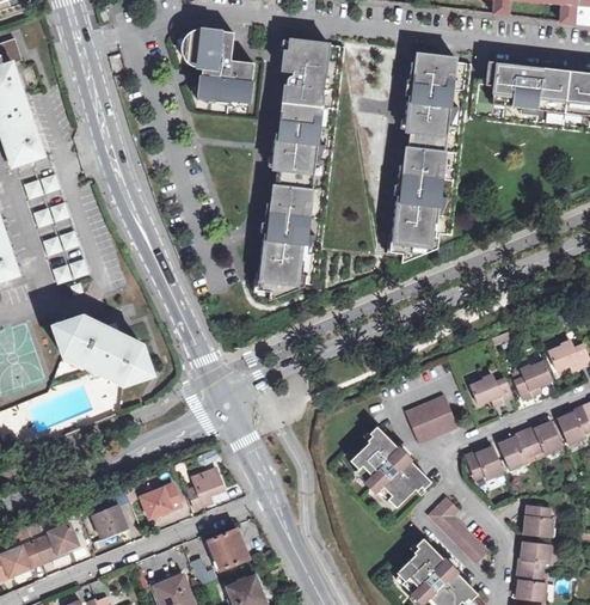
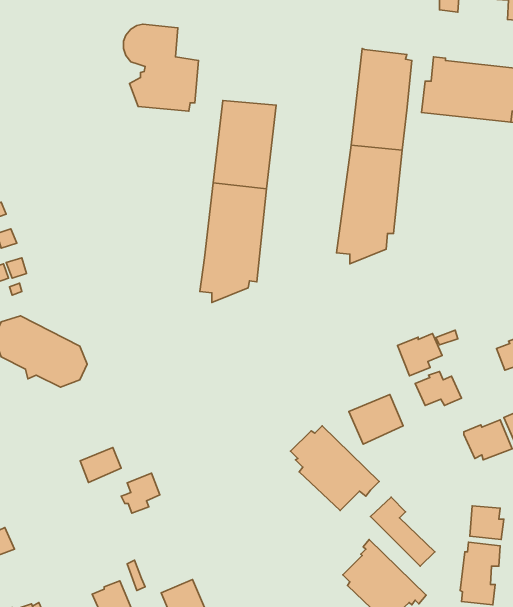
building: [279,37,339,108] -> none
building: [511,358,555,399] -> [398,334,442,376]
building: [498,433,530,470] -> none
building: [465,444,505,479] -> none
building: [136,485,177,520] -> [80,448,121,483]
building: [87,506,123,539] -> none
building: [204,531,244,570] -> none

